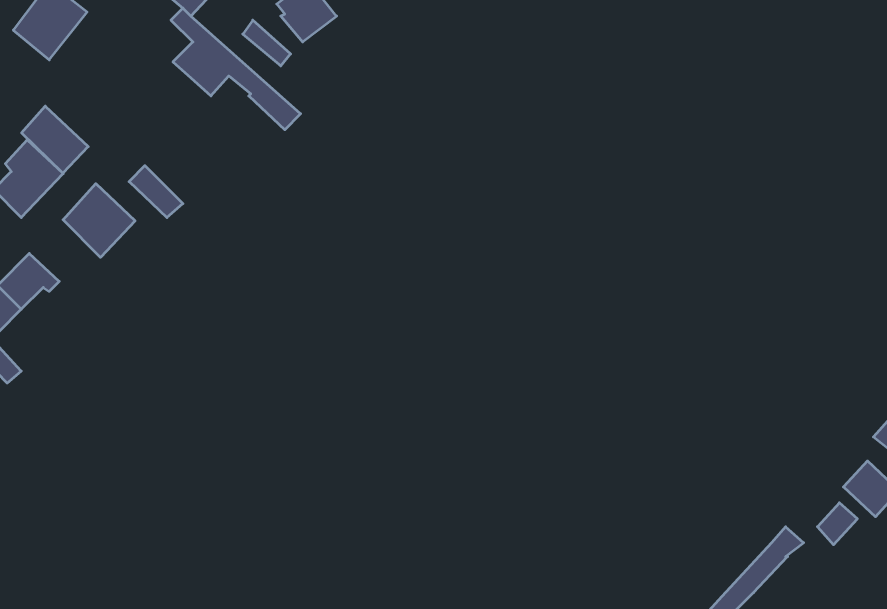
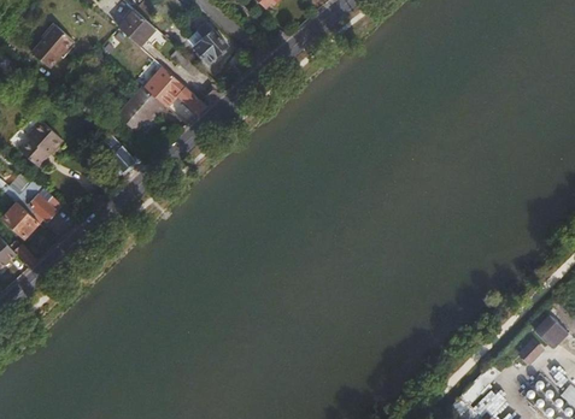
building: none -> [112,83,164,131]
building: [22,106,88,173] -> none
building: [63,184,135,257] -> none

